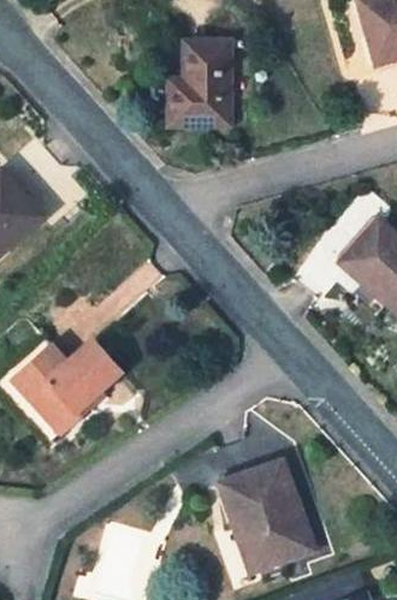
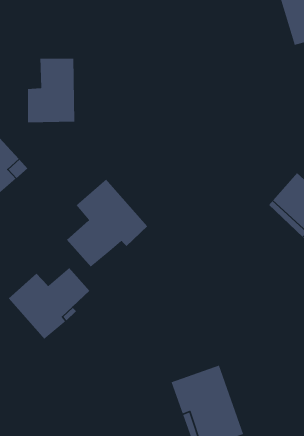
building: [168,42,229,124] -> [27,58,75,123]
building: none -> [66,178,148,267]

